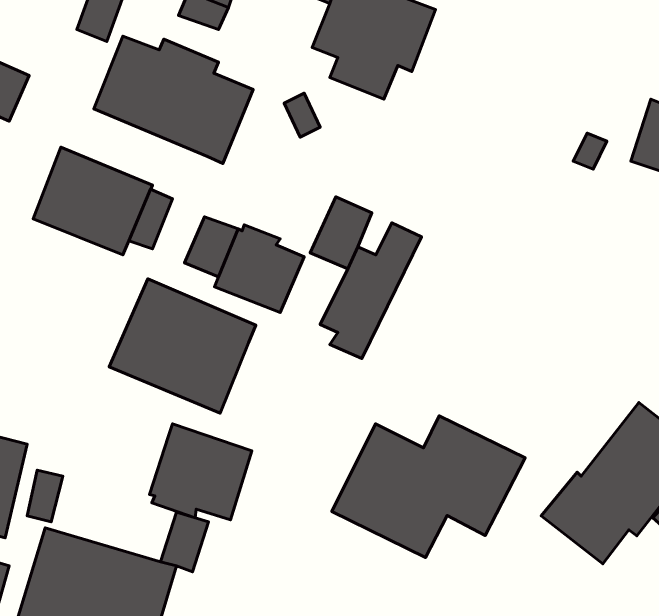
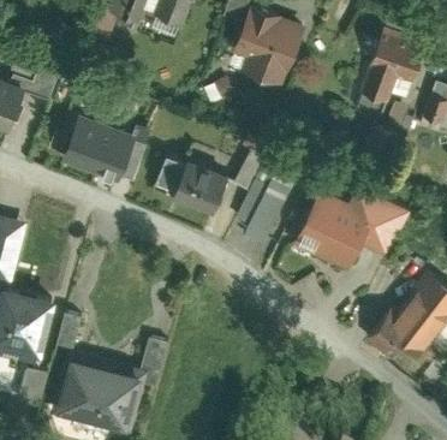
building: none -> [359,31,427,103]
building: [94,36,253,164] -> none
building: [109,279,256,413] -> none
building: [332,416,525,557] -> [292,184,409,269]
building: [150,424,252,520] -> none

